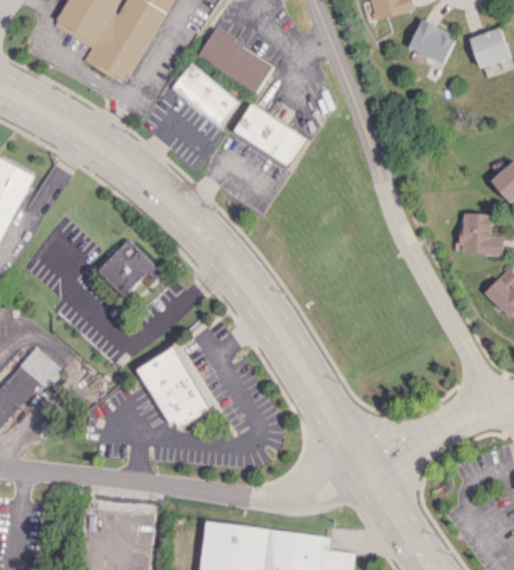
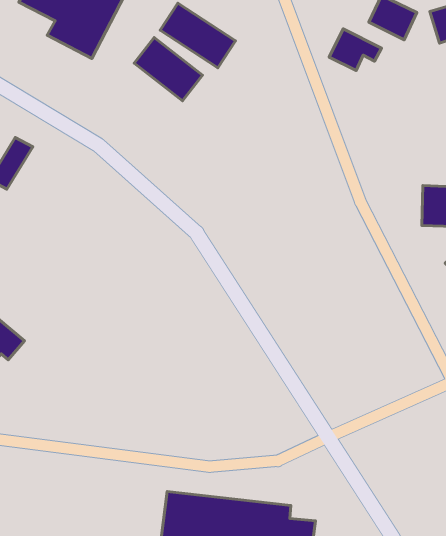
building: none -> [329,29,382,71]
building: [236,104,305,165] -> none
building: [98,239,161,296] -> none
building: [137,346,212,431] -> none

